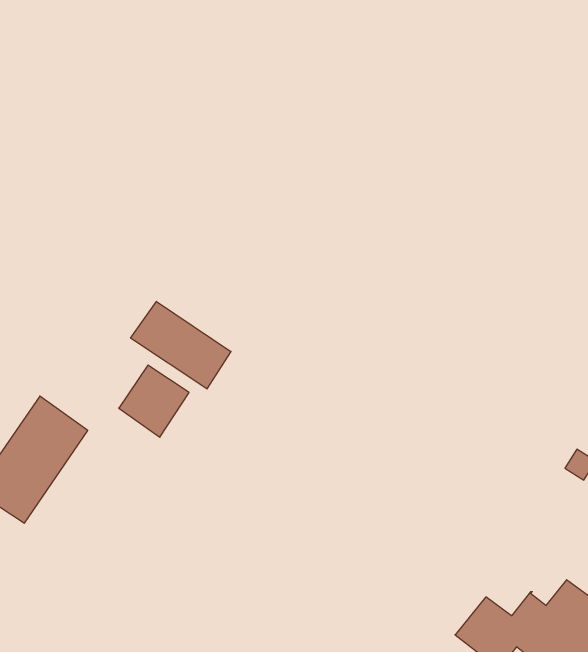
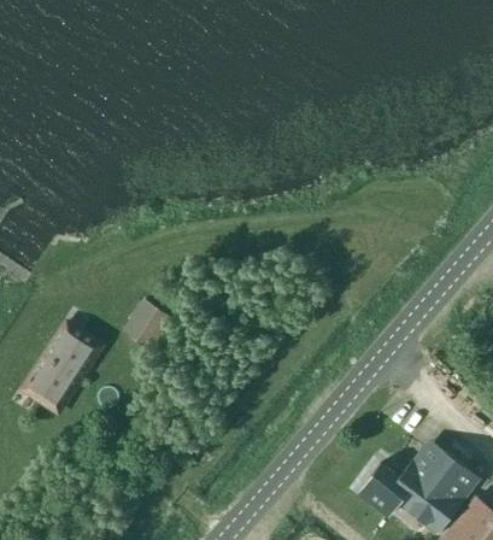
building: [131,301,231,389] -> none

